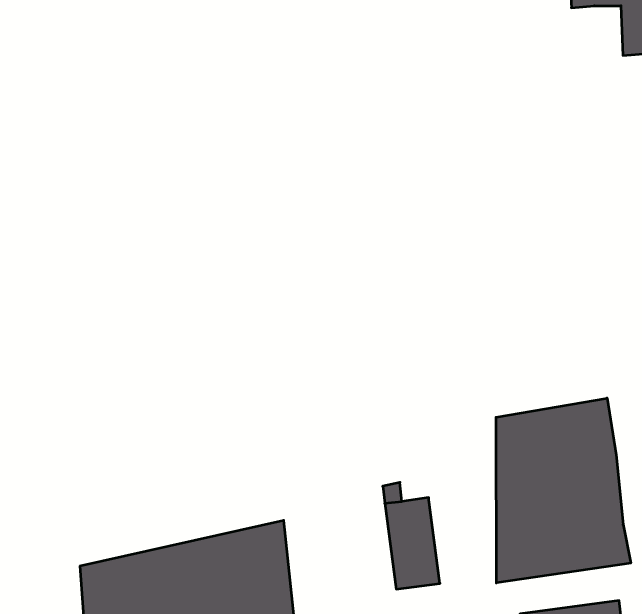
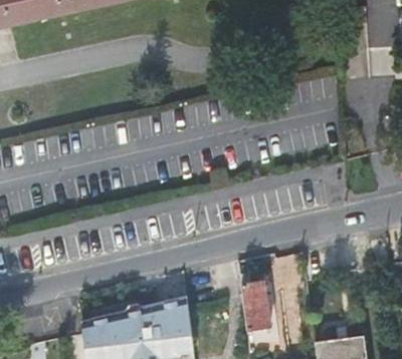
building: [496,398,631,583] -> none

